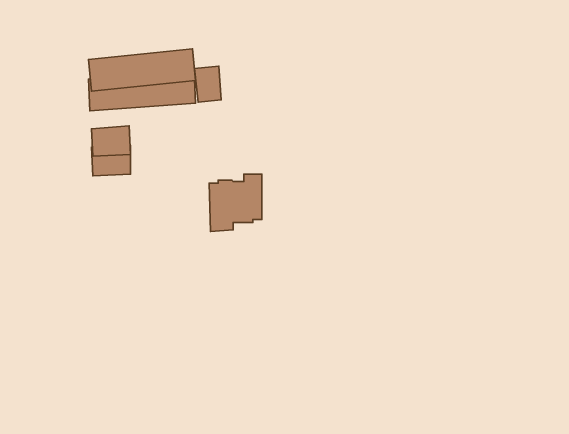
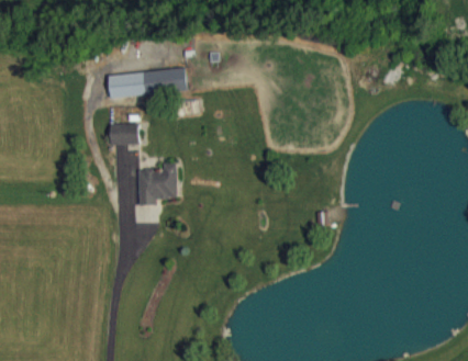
building: [194,66,221,102] -> none
building: [209,174,262,231] -> [137,162,176,204]

